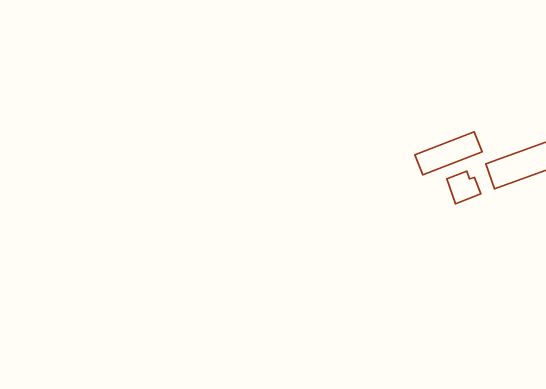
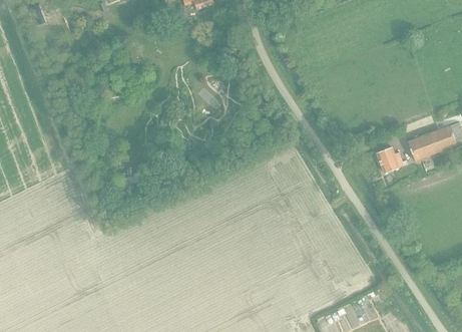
building: [415,132,482,175] -> none

